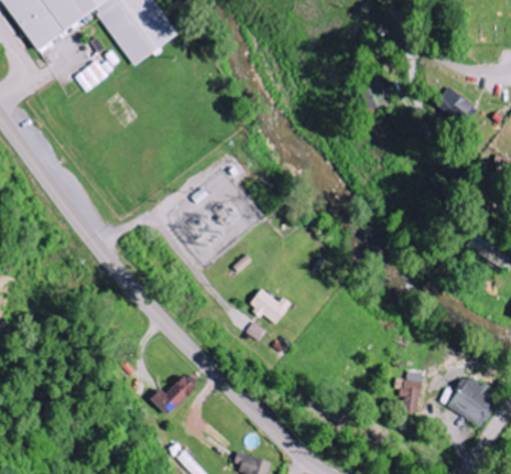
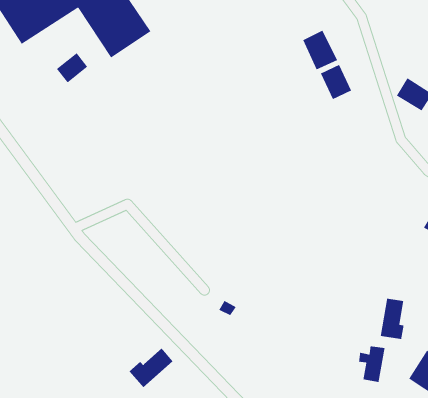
building: none -> [302,29,338,71]
building: [251,289,293,325] -> none
building: none -> [380,298,404,340]

